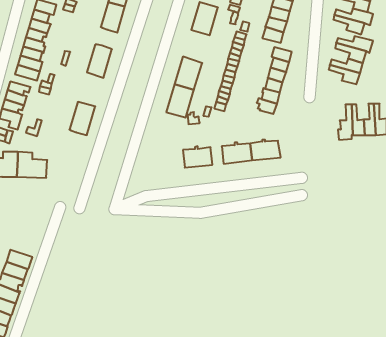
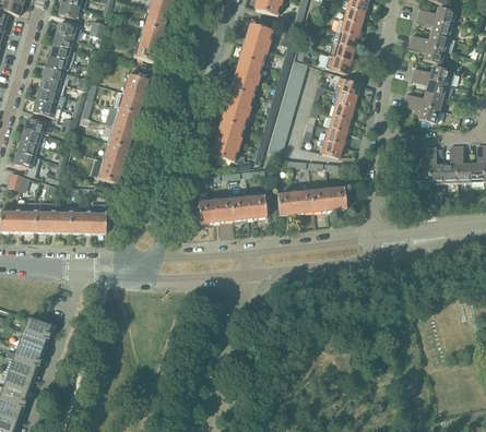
building: none -> [232,57,263,96]
building: none -> [106,106,138,147]
building: none -> [198,197,234,223]
building: none -> [70,202,107,231]

